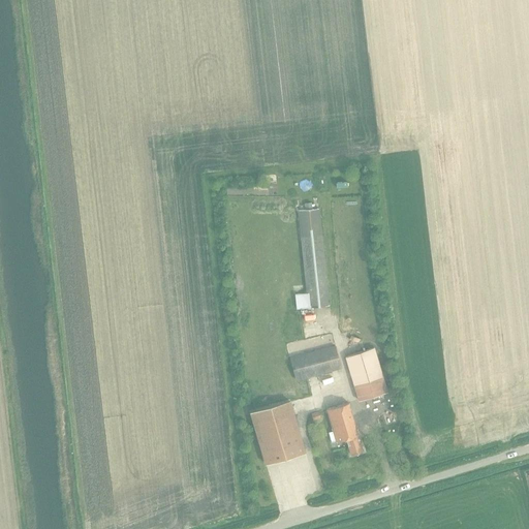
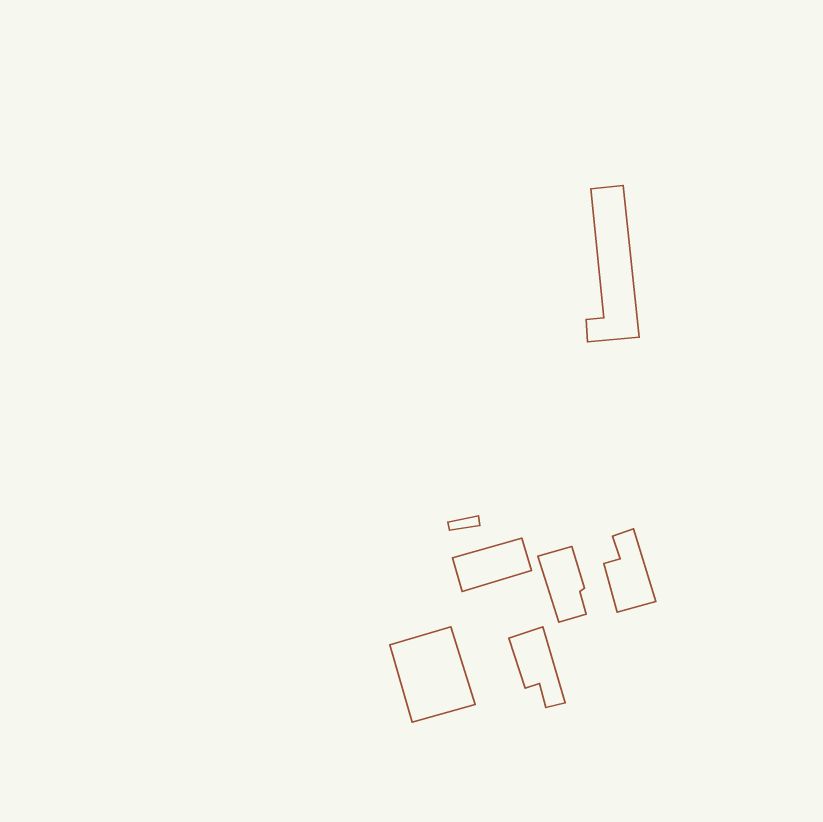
building: [297,209,331,309] -> [586,186,639,342]
building: none -> [604,529,656,612]

